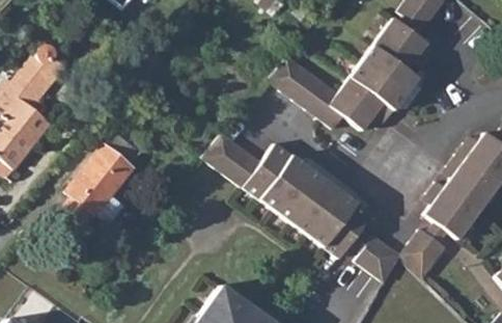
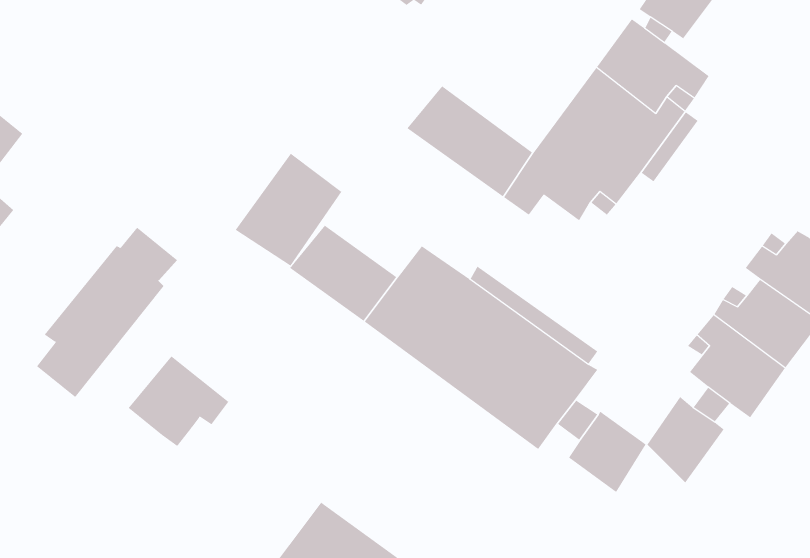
building: none -> [235,153,342,266]
building: none -> [128,356,229,447]

